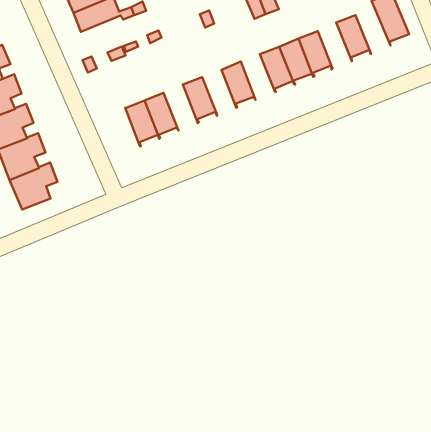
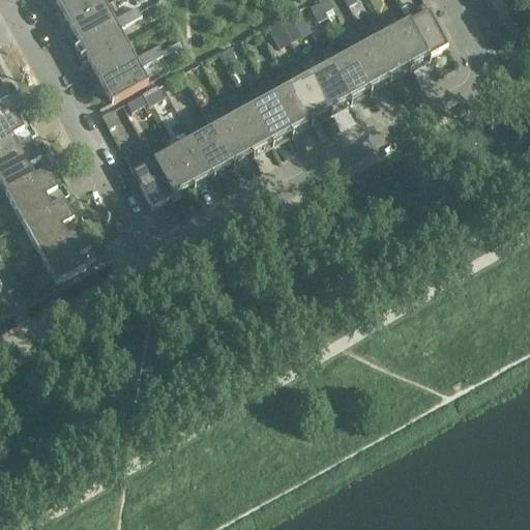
building: none -> [387,16,429,65]
building: none -> [95,56,147,102]
building: none -> [349,36,389,86]
building: none -> [270,80,311,129]
building: none -> [231,101,271,150]
building: none -> [192,122,232,172]
building: none -> [127,147,173,201]

